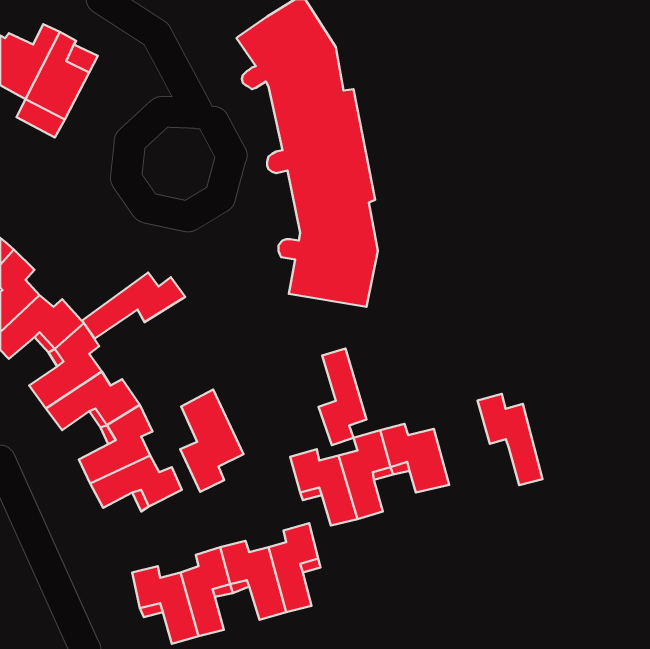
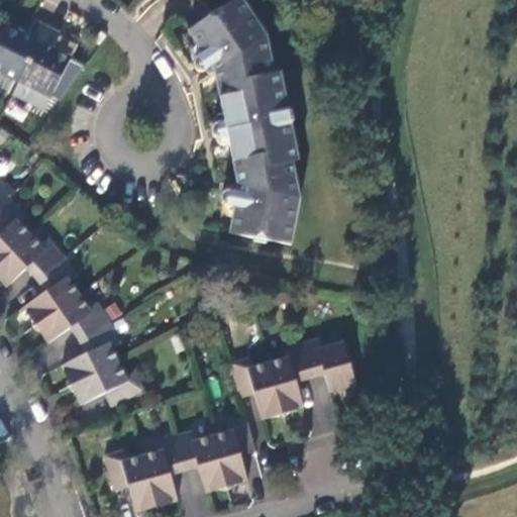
building: [82,273,185,338] -> none
building: [318,349,367,445] -> none
building: [180,390,243,492] -> none
building: [478,394,542,485] -> none

